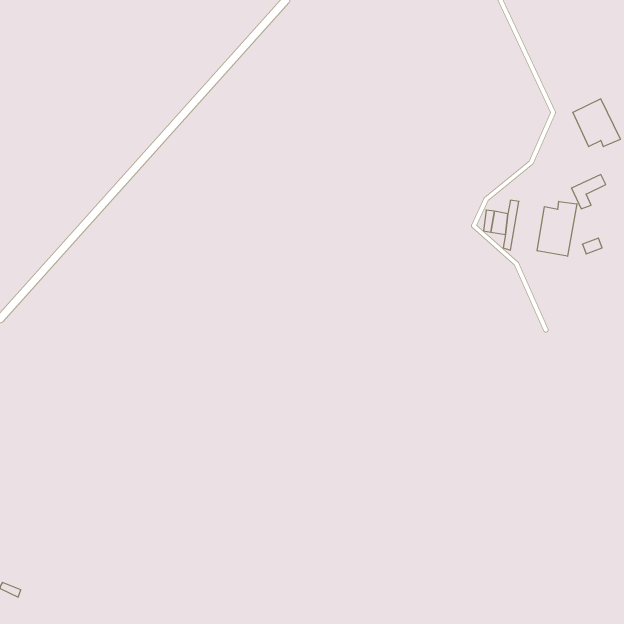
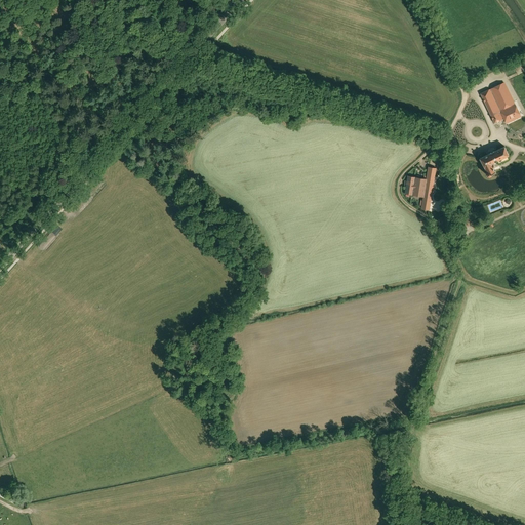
building: [537,201,577,256] -> none

